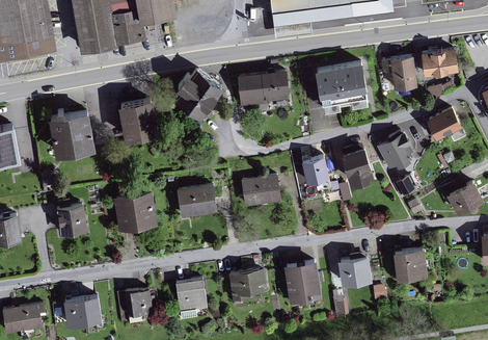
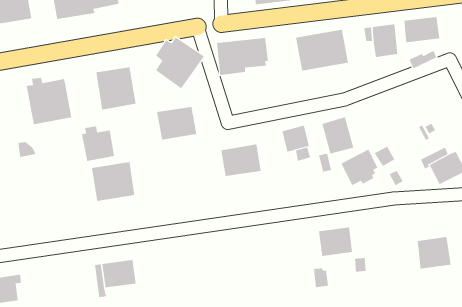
building: [426,107,465,143] -> none
building: [377,132,414,168] -> [340,149,378,186]
building: [177,184,217,217] -> [156,107,197,140]
building: [54,201,87,236] -> [81,126,115,162]
building: [394,249,428,281] -> [417,237,451,269]
building: [283,260,321,308] -> none
building: [228,268,267,302] -> none
building: [175,279,207,320] -> none
building: [62,296,102,328] -> none

